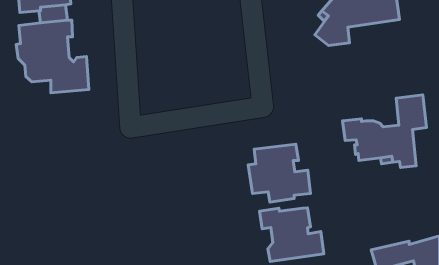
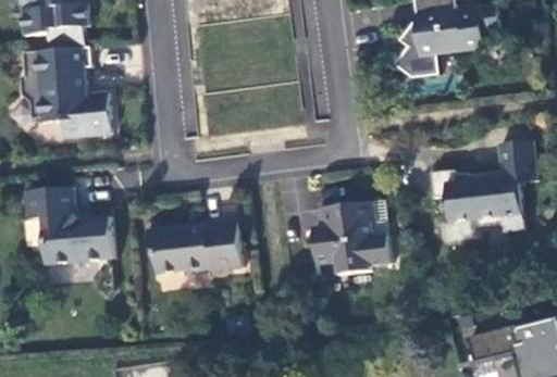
building: none -> [24,187,114,265]
building: none -> [147,219,243,275]
building: [260,208,324,261] -> none

